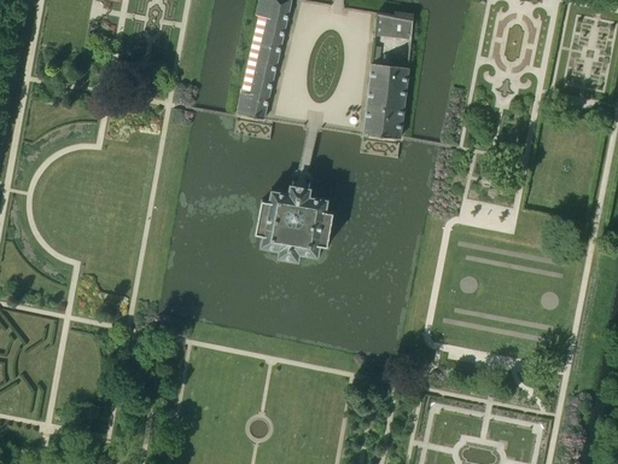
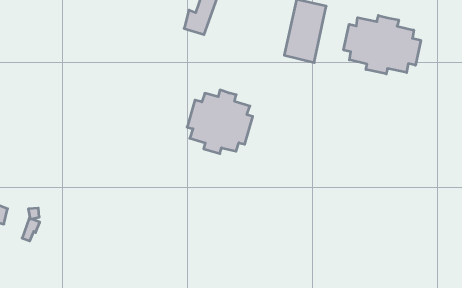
building: none -> [344,15,421,74]

